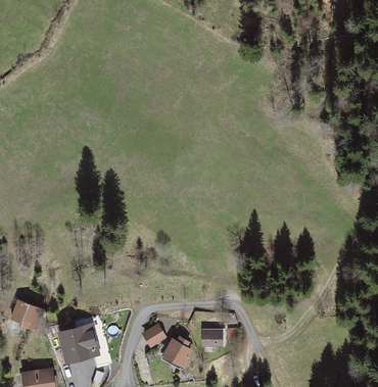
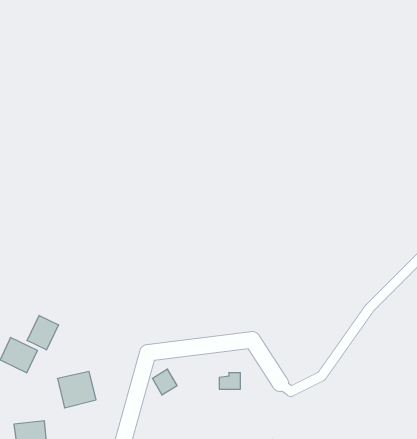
building: none -> [27,315,58,350]
building: [162,336,188,368] -> none

